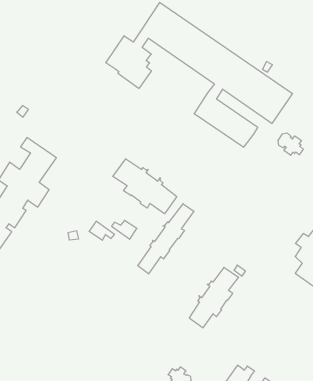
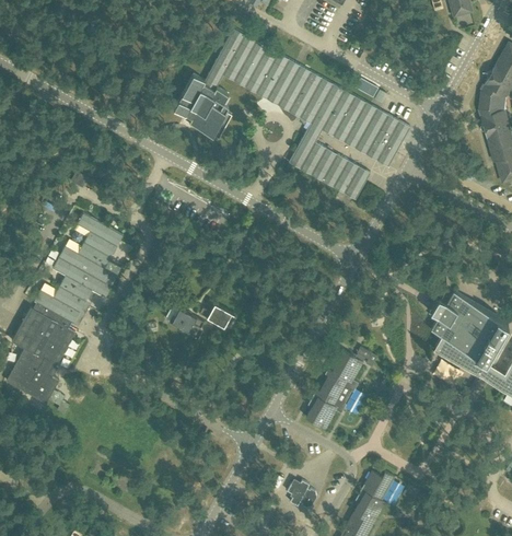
building: [278,133,303,155] -> none
building: [113,159,177,214] -> none
building: [138,204,194,274] -> none

